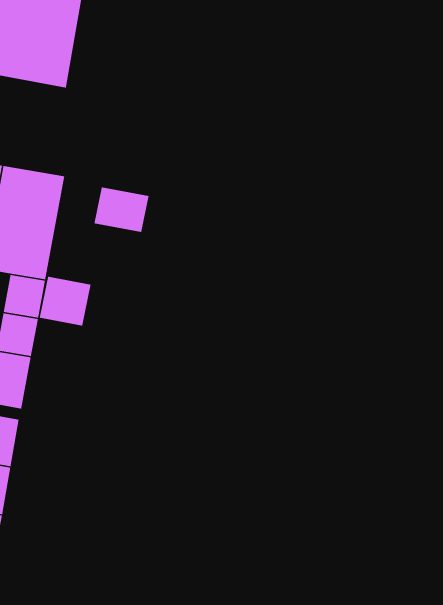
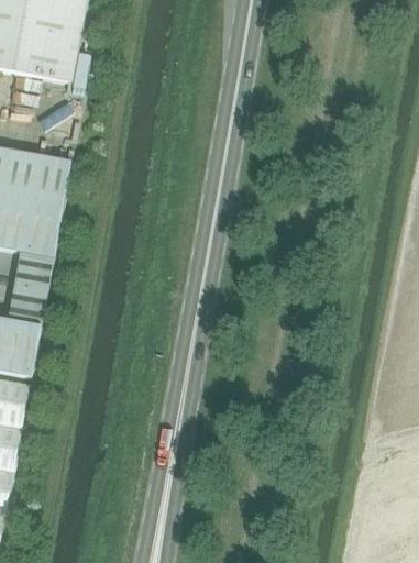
building: [93,187,150,233] -> none
building: [39,276,92,326] -> none

